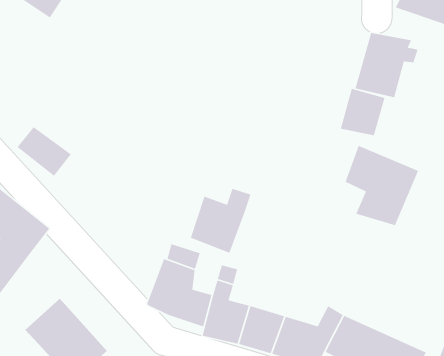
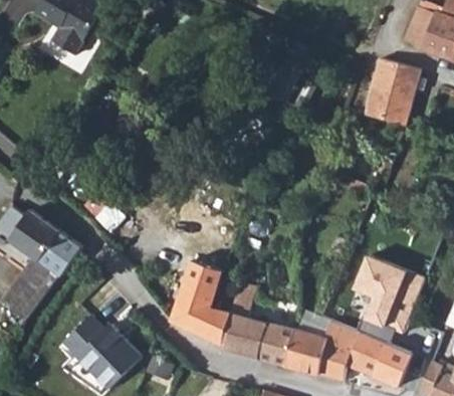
building: [340,88,386,136] -> none
building: [17,126,72,177] -> none
building: [344,145,419,226] -> [350,256,420,333]
building: [190,188,252,254] -> none

